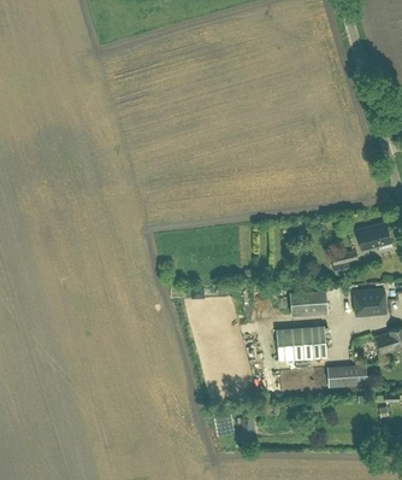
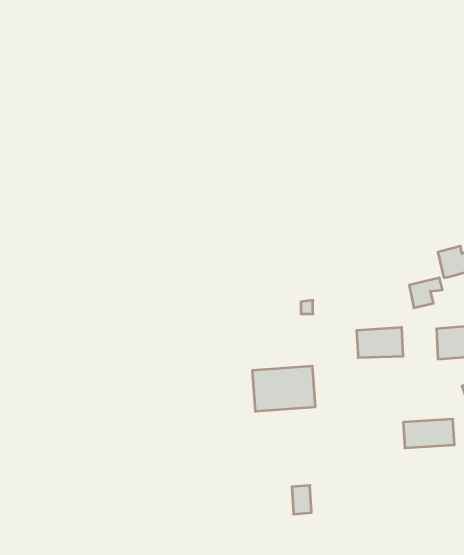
building: [276,326,326,362] -> [252,366,315,411]

